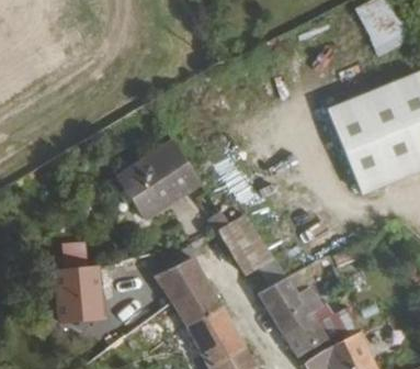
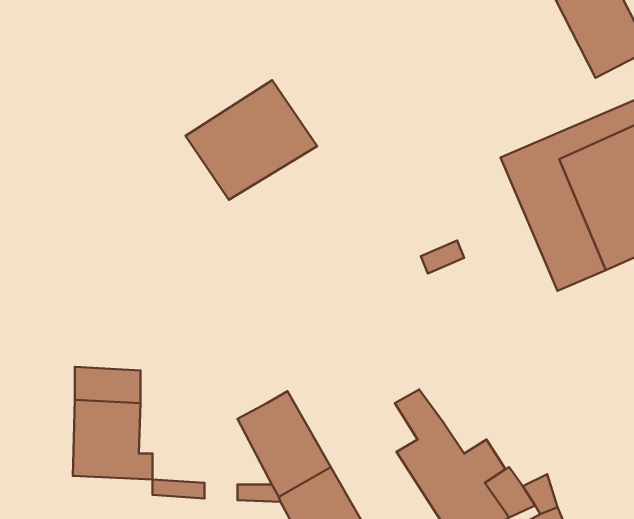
building: [123,147,206,223] -> [186,80,317,200]
building: [212,214,274,273] -> none

